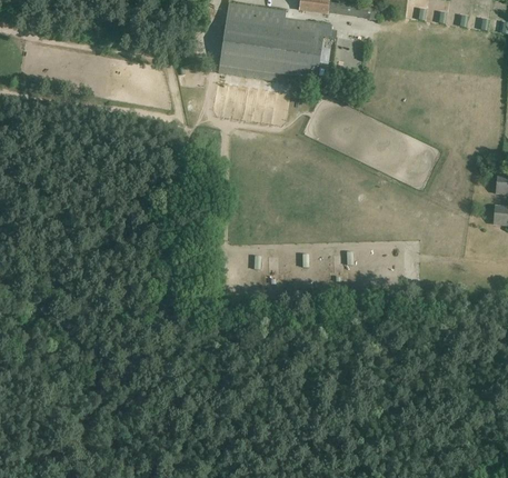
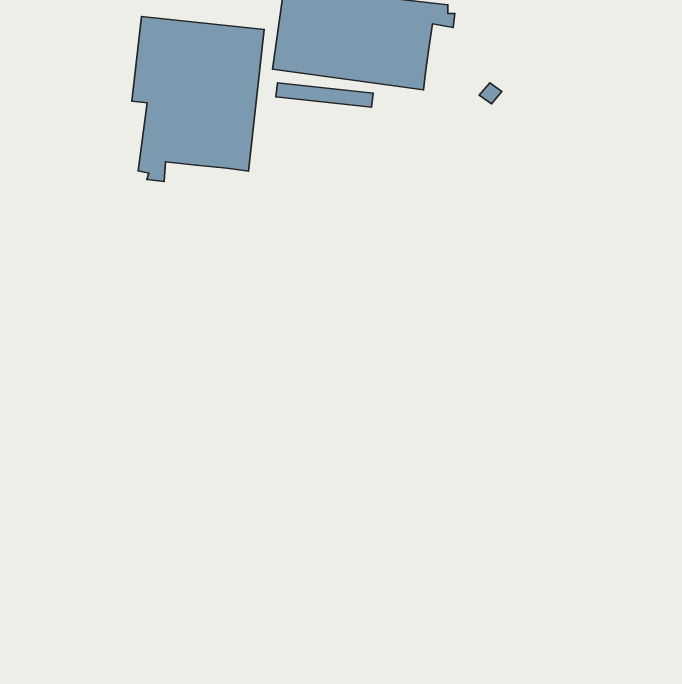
building: none -> [132,16,264,182]

